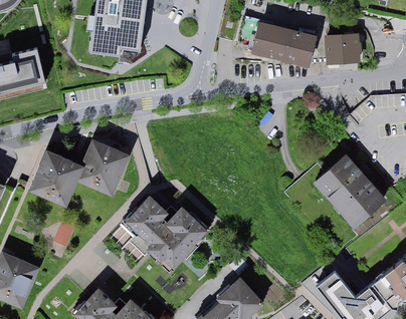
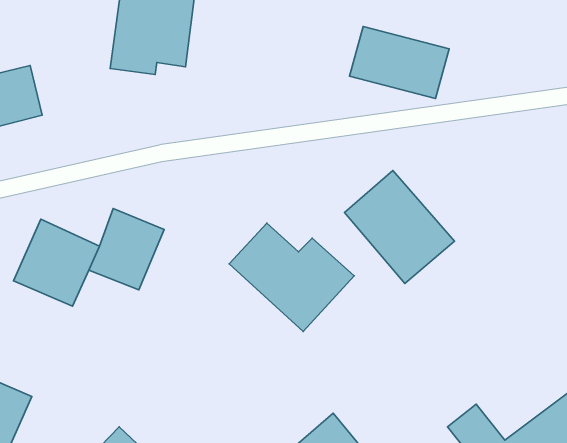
building: [325,32,364,63] -> none
building: [314,152,387,228] -> [345,170,455,283]
building: [124,195,207,267] -> [229,223,354,331]

